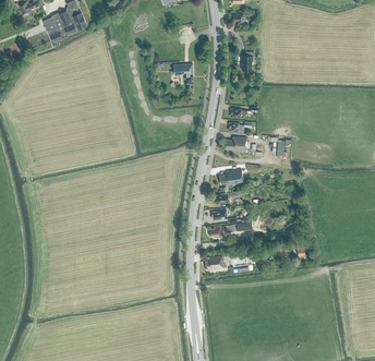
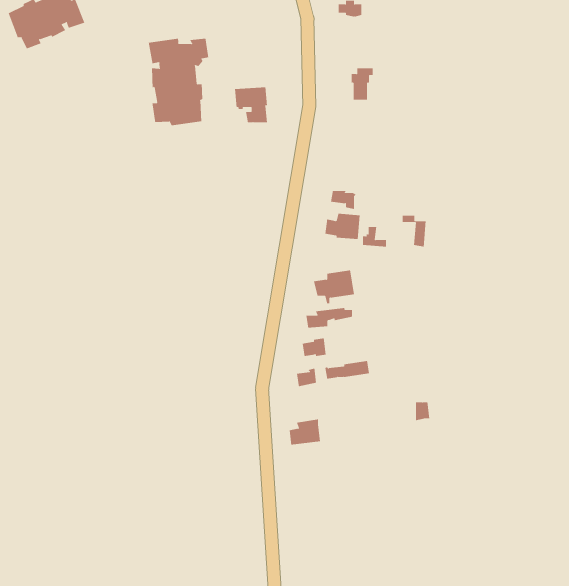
building: none -> [148,38,209,126]

